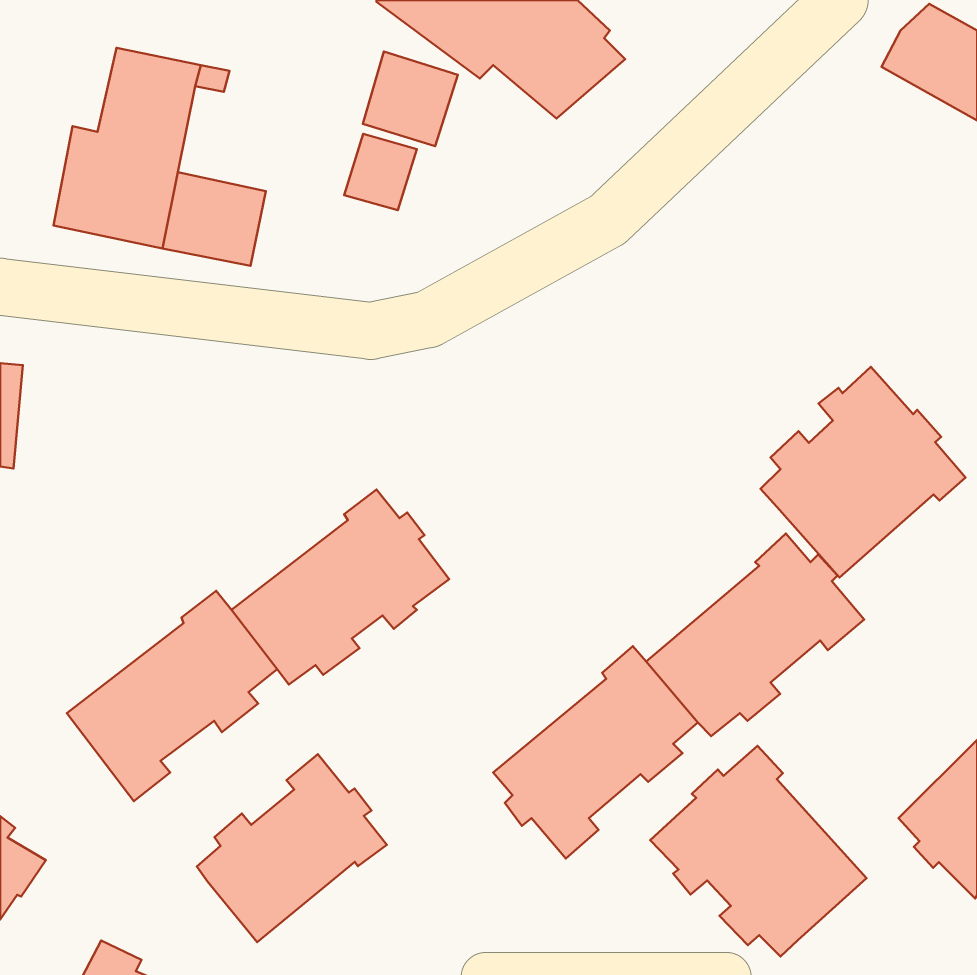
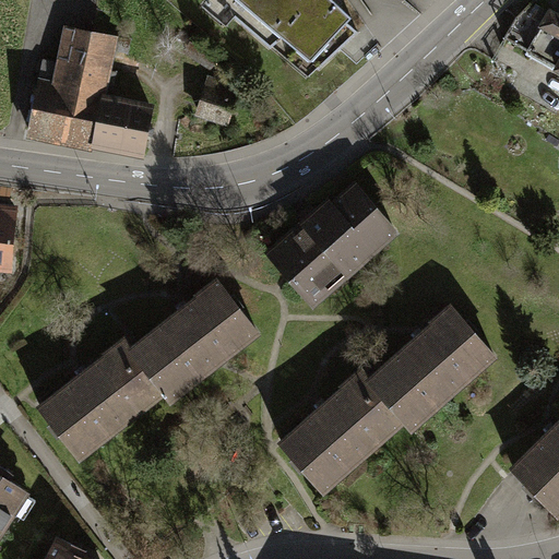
building: [363,52,458,146] -> none
building: none -> [266,185,395,304]
building: [761,367,966,578] -> none
building: [650,746,866,956] -> none
building: [197,754,387,942] -> none

